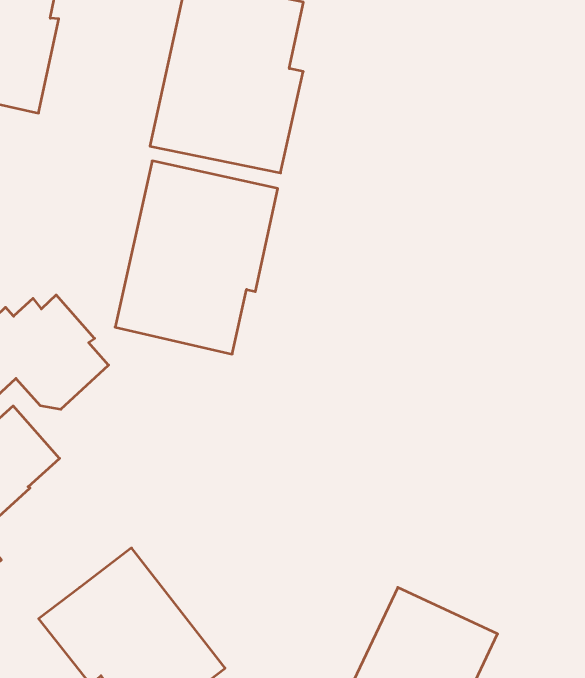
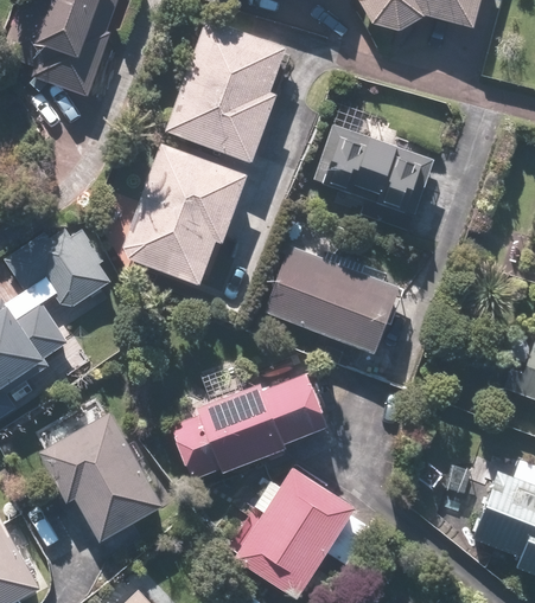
building: none -> [311,123,434,232]
building: none -> [262,244,400,355]
building: none -> [170,372,327,479]

